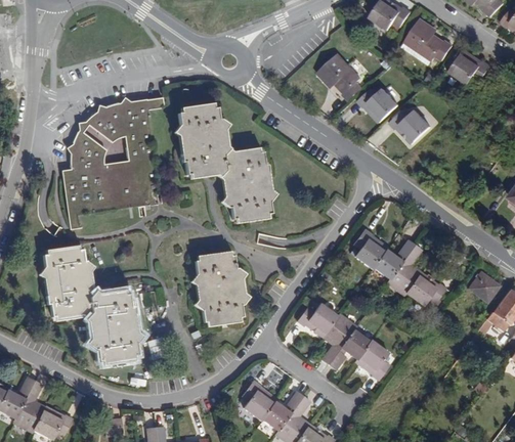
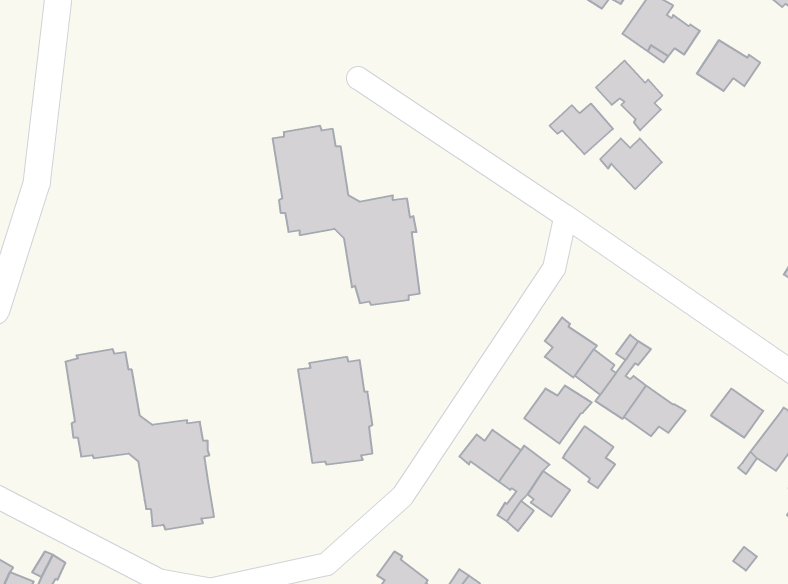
building: [317,56,360,101] -> [596,61,662,130]
building: [61,97,162,234] -> none
building: none -> [524,385,592,444]
building: [356,338,390,378] -> [563,426,615,488]

